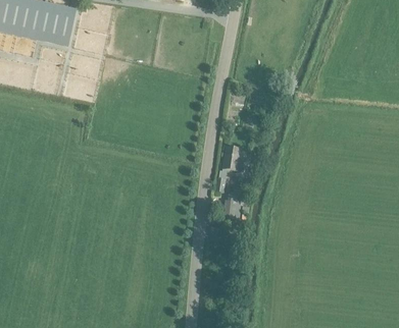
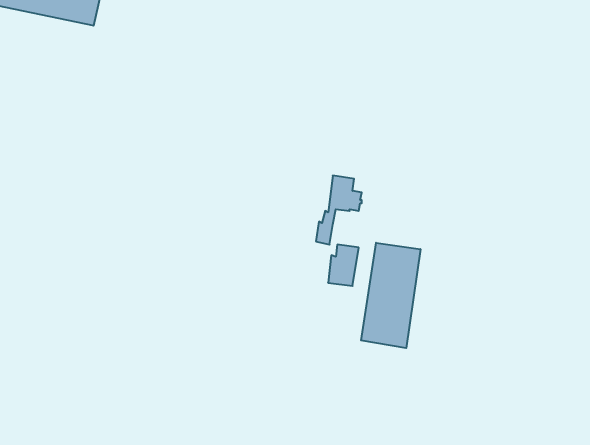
building: none -> [361,243,420,348]

